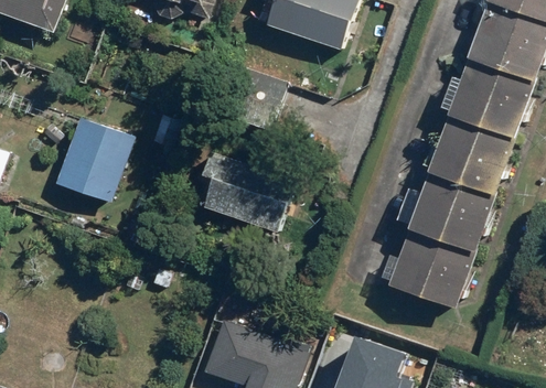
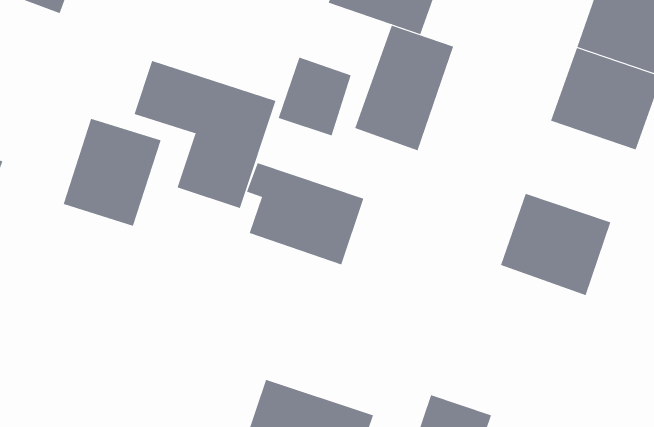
building: none -> [355,25,454,151]
building: none -> [134,60,276,209]
building: [425,118,513,198] -> none
building: [386,233,473,309] -> none

